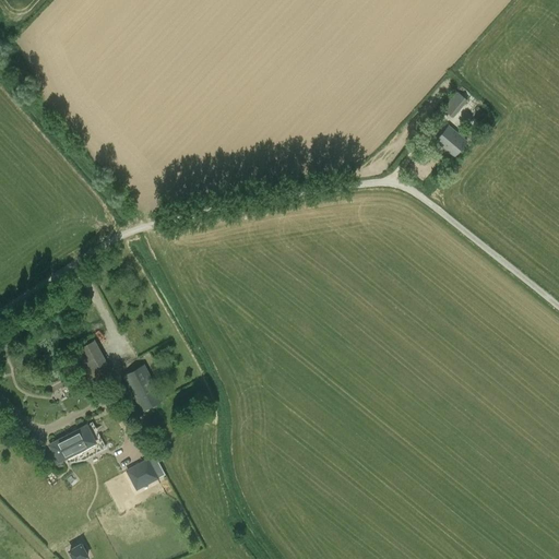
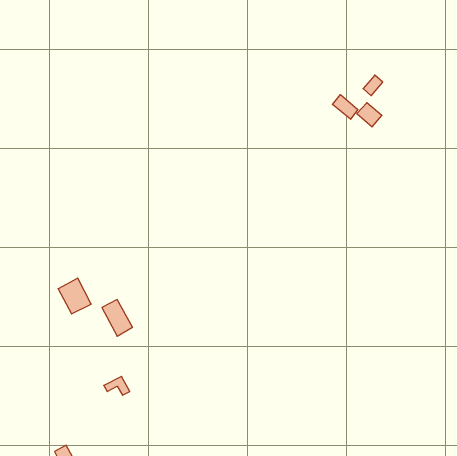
building: none -> [332,95,358,119]
building: [57,426,96,460] -> none

